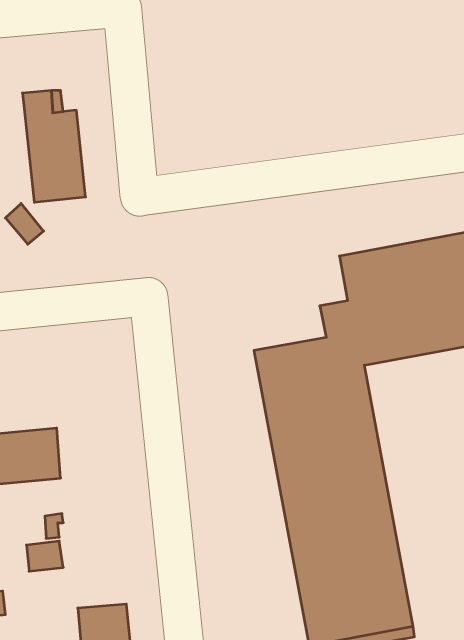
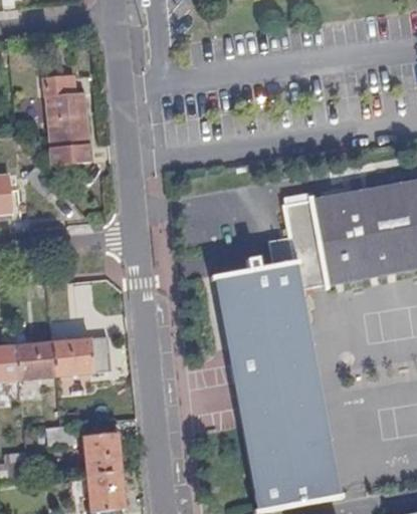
building: none -> [66,334,109,375]
building: none -> [78,434,120,475]

